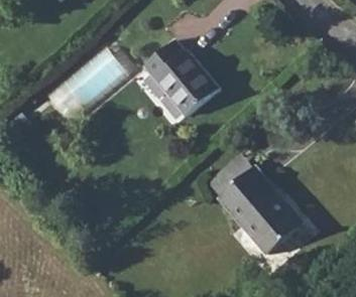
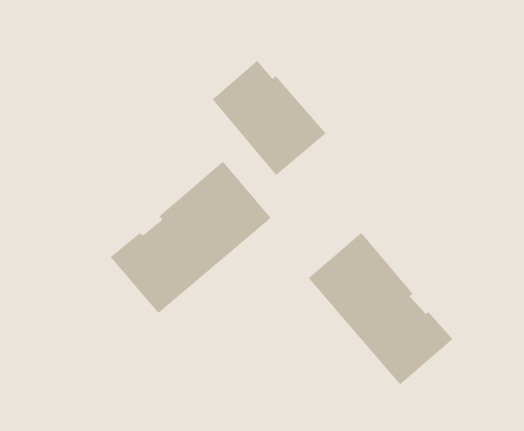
building: none -> [110,161,271,314]

